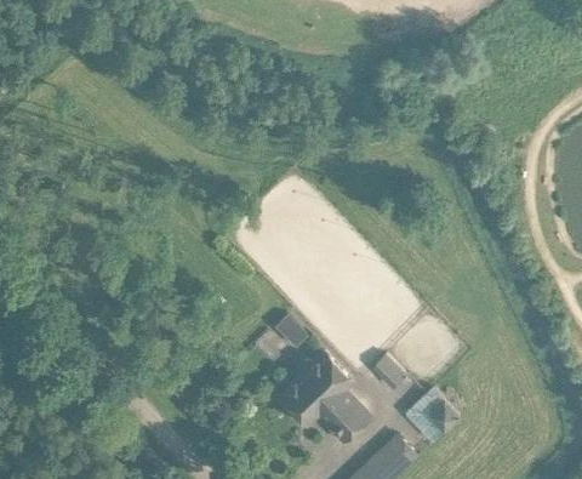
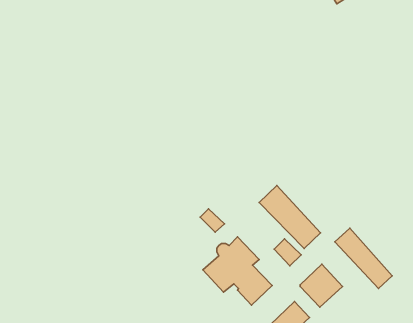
building: none -> [259,186,321,249]
building: none -> [335,228,392,288]

